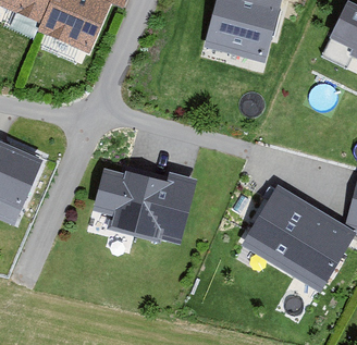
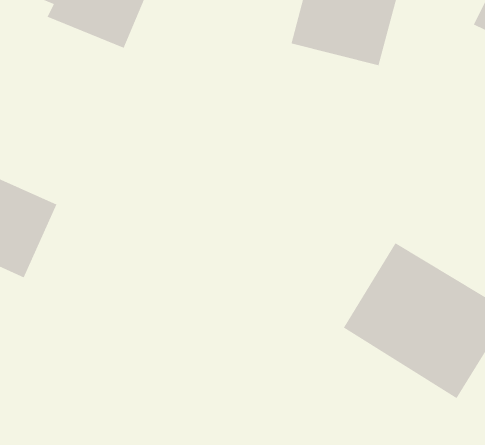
building: [91,164,197,245] -> none

